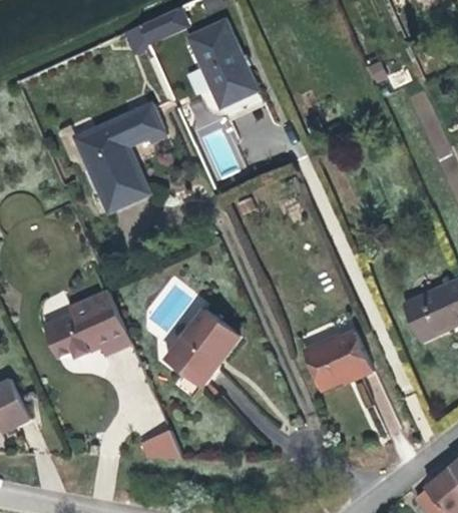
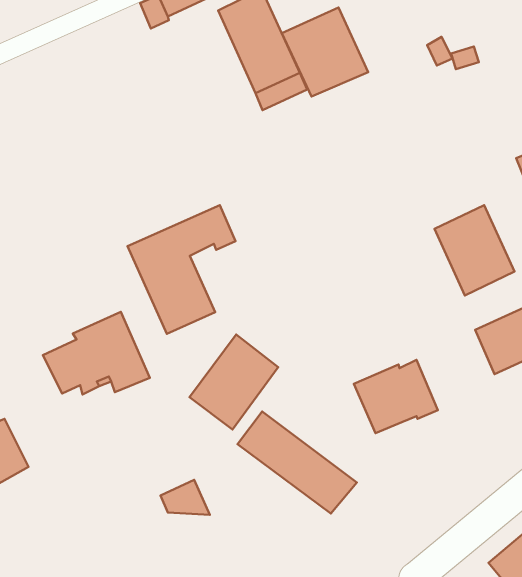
building: none -> [282,7,368,96]
building: [75,103,165,210] -> [127,205,235,334]
building: none -> [435,205,515,295]
building: none -> [237,411,357,513]

